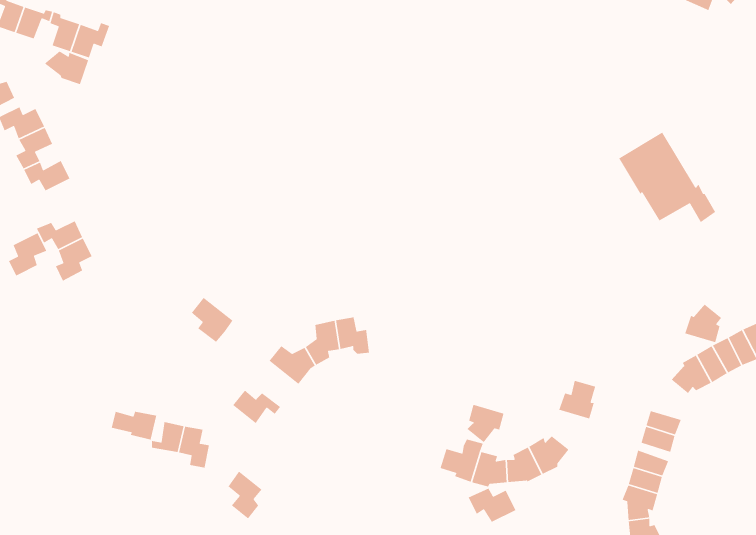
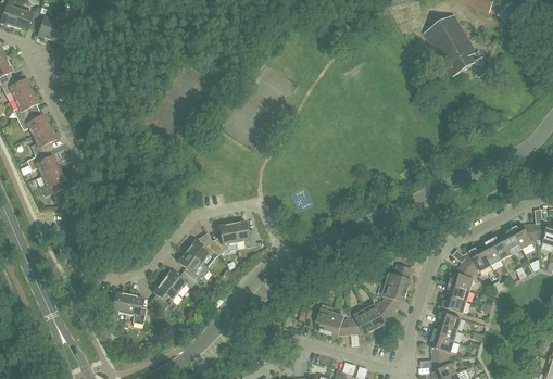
building: [44,51,89,85] -> none
building: [618,131,716,223] -> [423,13,490,76]
building: [8,232,47,277] -> [29,126,56,156]
building: [191,297,234,343] -> [177,251,206,282]
building: [684,304,722,343] -> [448,264,474,291]
building: [466,404,504,443] -> [380,285,406,312]
building: [111,411,157,440] -> none
building: [228,471,262,520] -> [153,281,177,315]
building: [468,488,517,523] -> none

